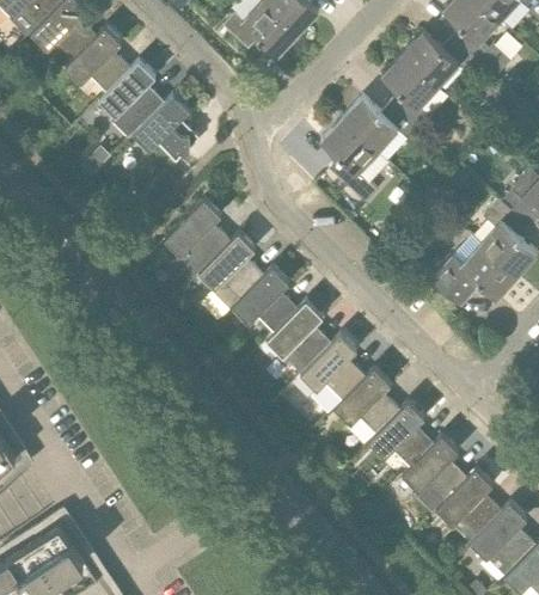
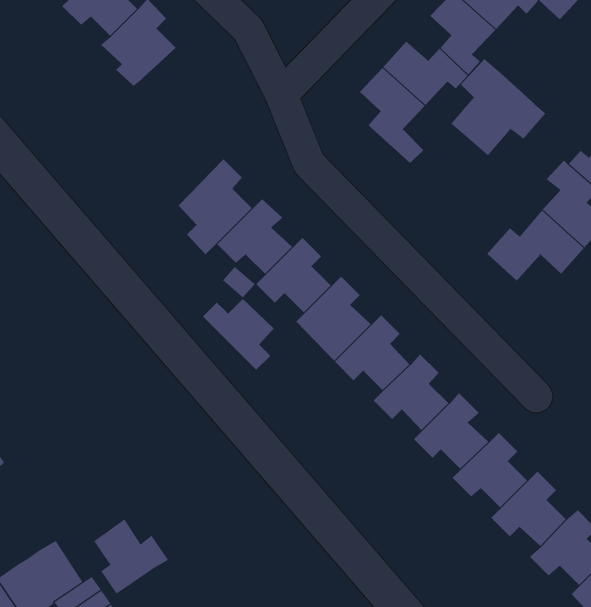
building: [131,93,200,160] -> none
building: none -> [451,58,546,156]
building: none -> [202,298,274,371]
building: none -> [94,518,169,594]

